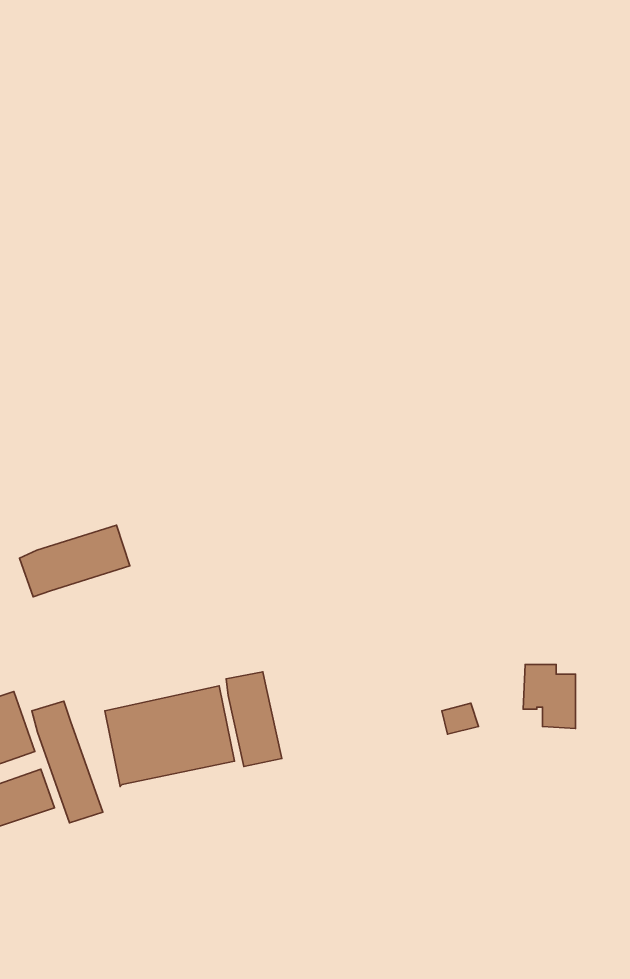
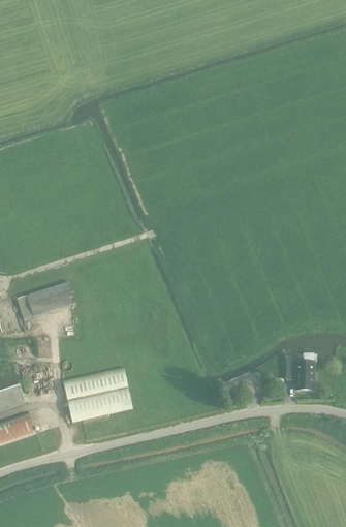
building: [226,672,282,766] -> none
building: [32,701,103,823] -> none

